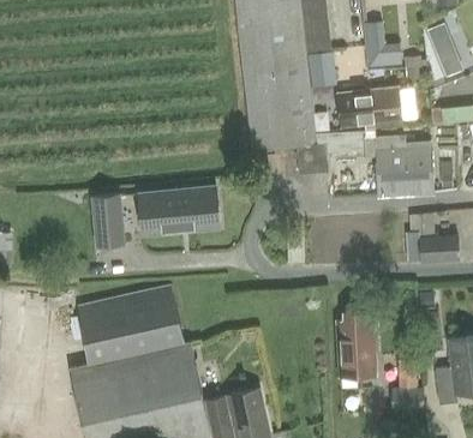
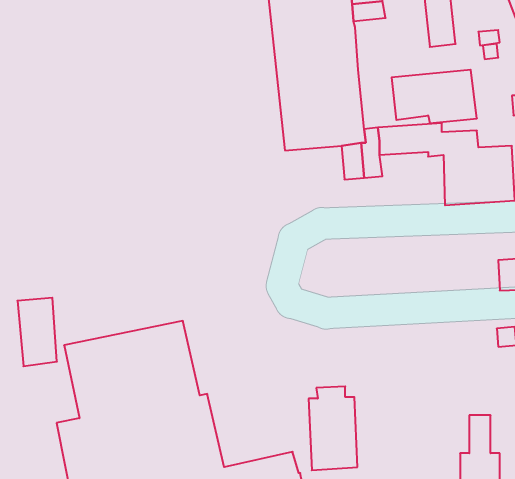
building: [307,50,335,86] -> none
building: [138,184,221,235] -> none
building: [92,192,124,246] -> [17,298,57,366]
building: [337,310,376,376] -> [309,386,357,470]

